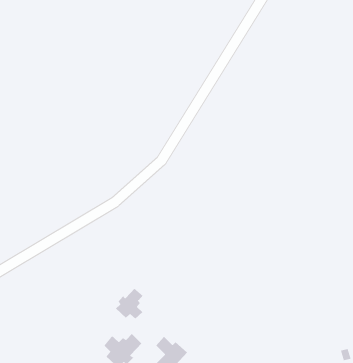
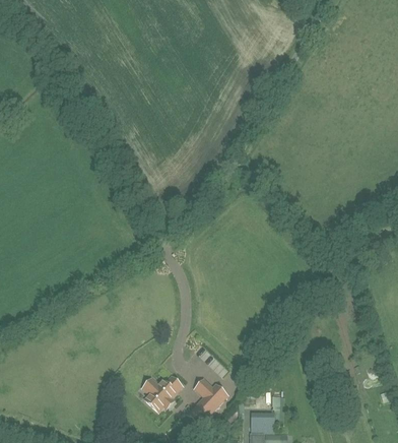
building: [115,288,143,320] -> none

